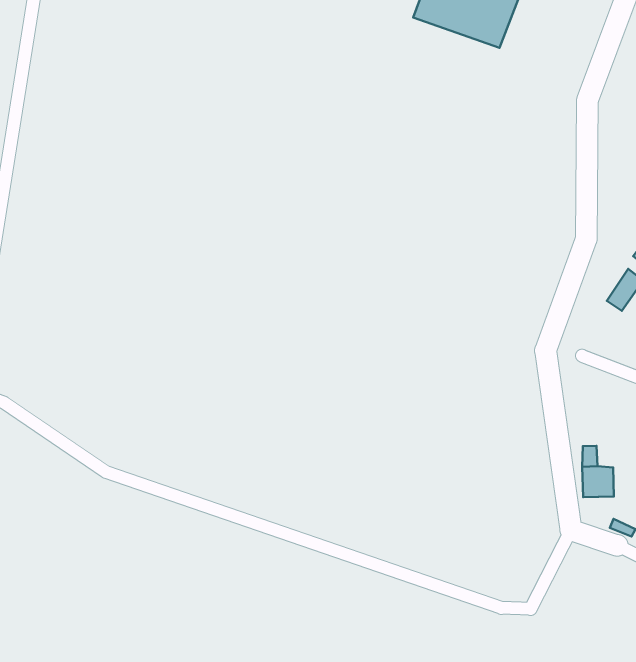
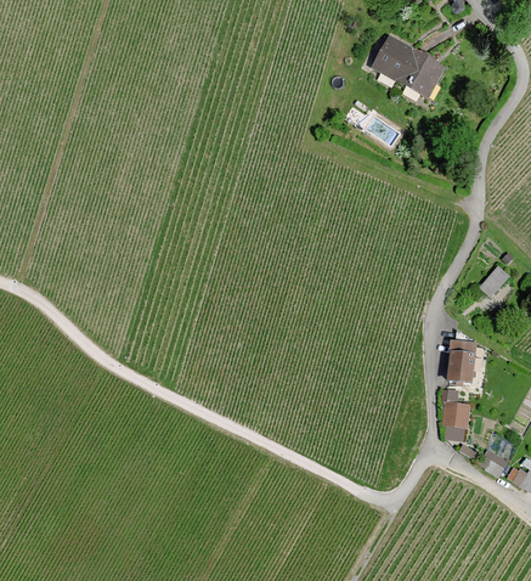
building: none -> [446,337,478,383]

